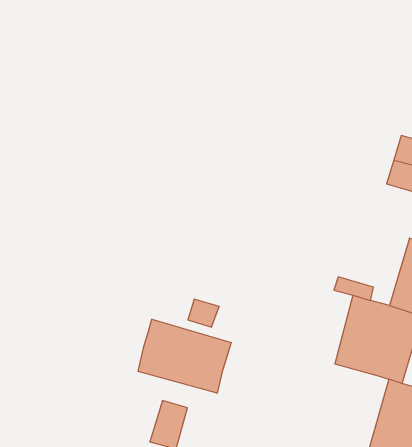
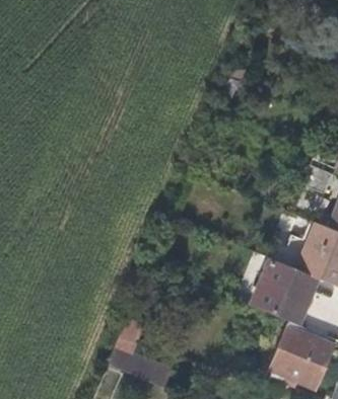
building: [138,319,231,393] -> none

